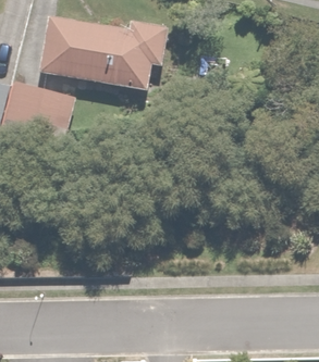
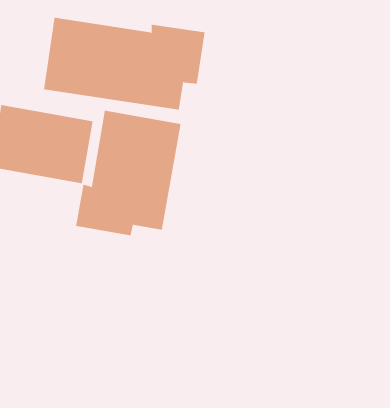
building: none -> [75,110,181,236]

